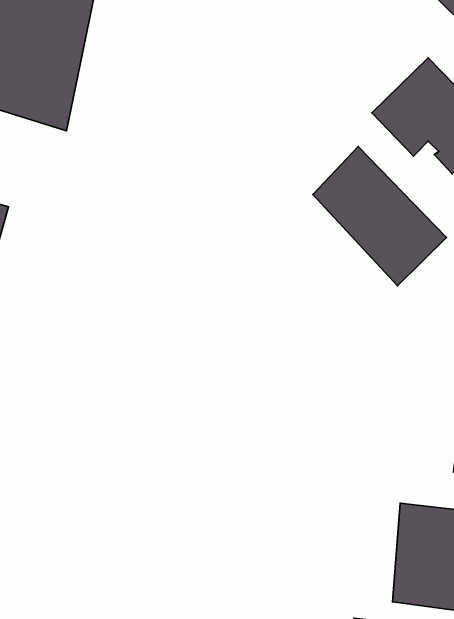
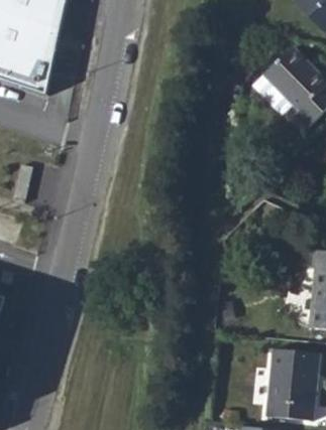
building: [313,147,446,286] -> none

